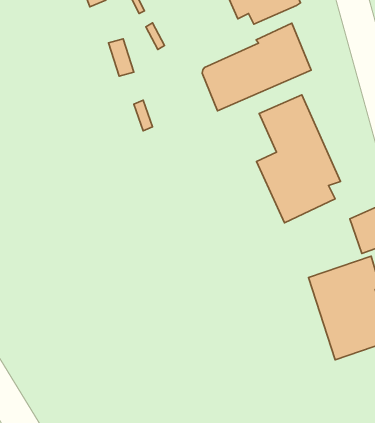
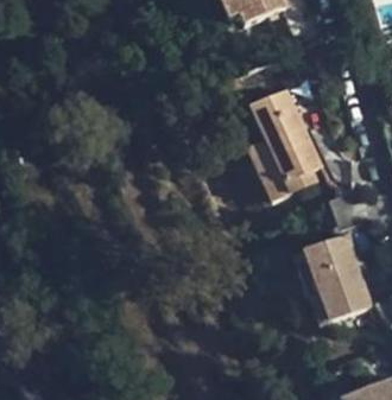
building: [202,23,311,111] -> none

